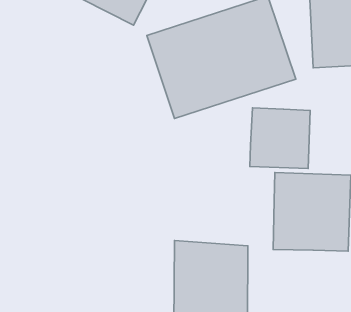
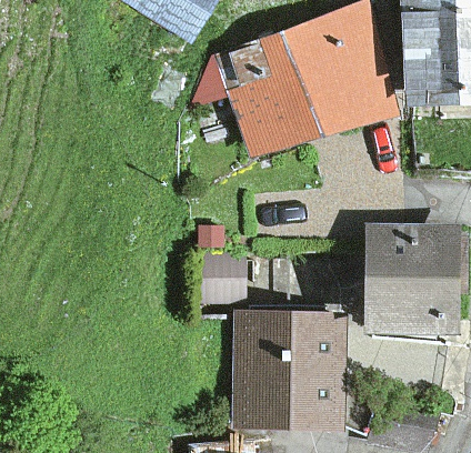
building: [250,108,310,169] -> none

